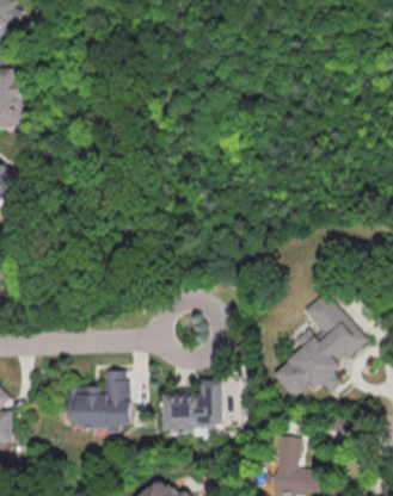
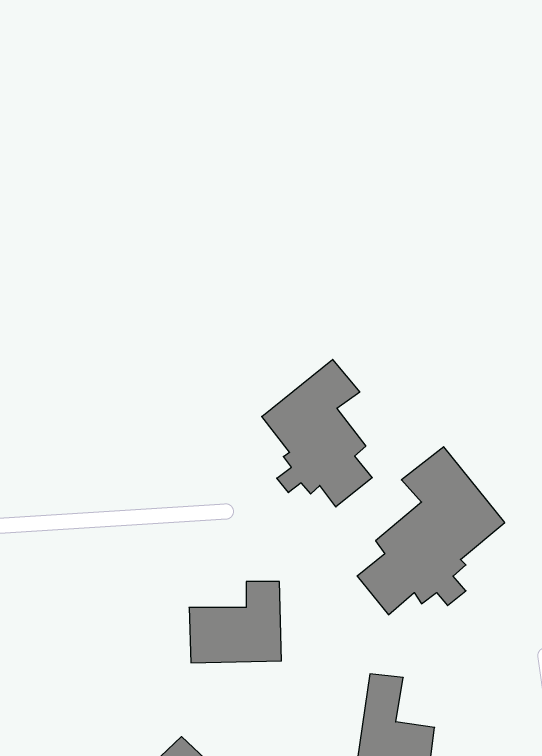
building: none -> [262,359,372,507]
building: [67,368,131,430] -> none

